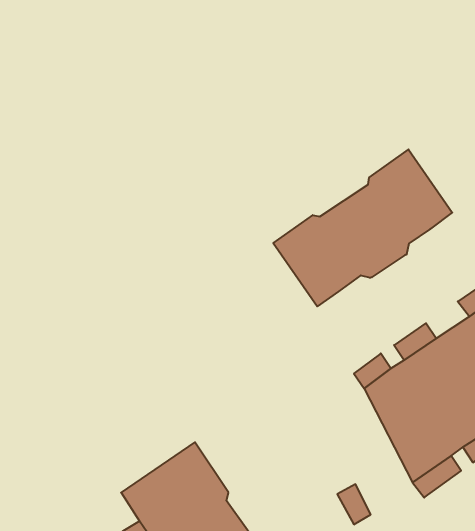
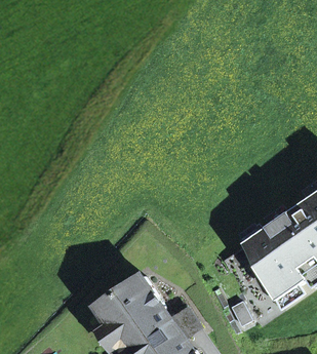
building: [273,149,452,306] -> none

